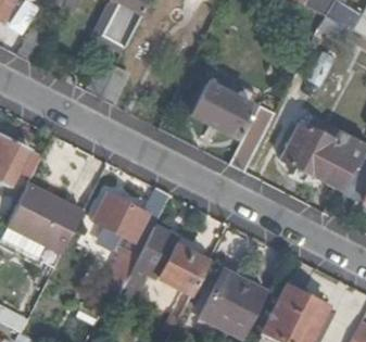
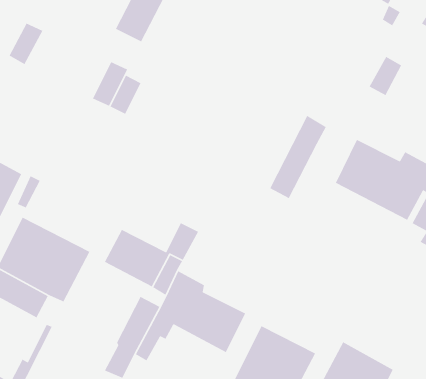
building: [189,74,251,136] -> none

